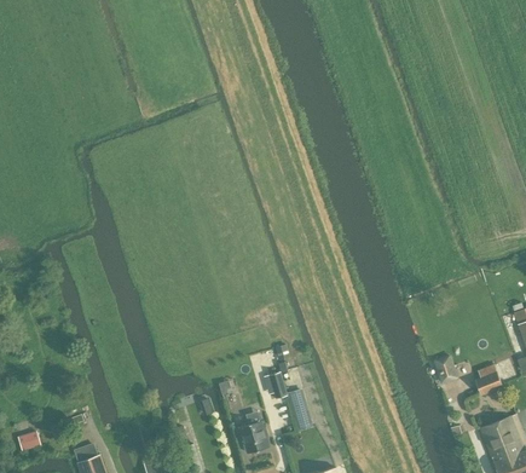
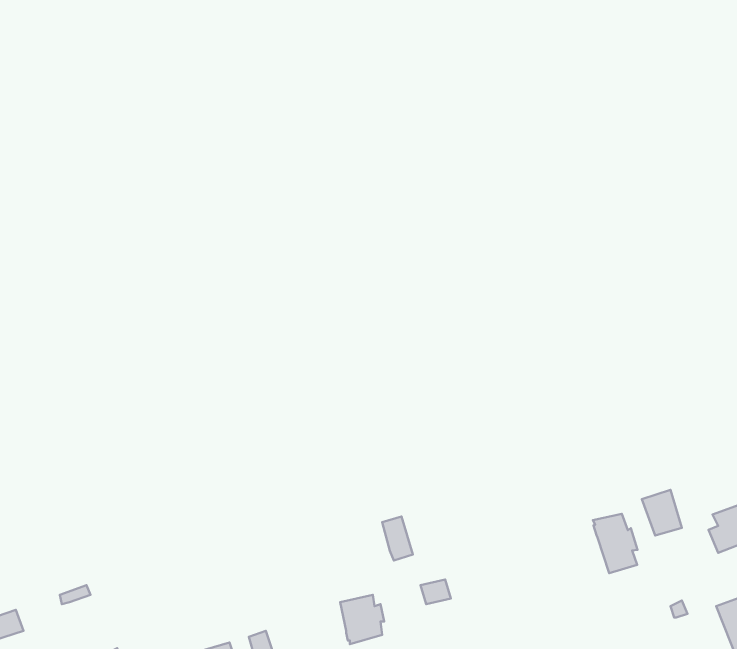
building: none -> [593,514,637,573]

